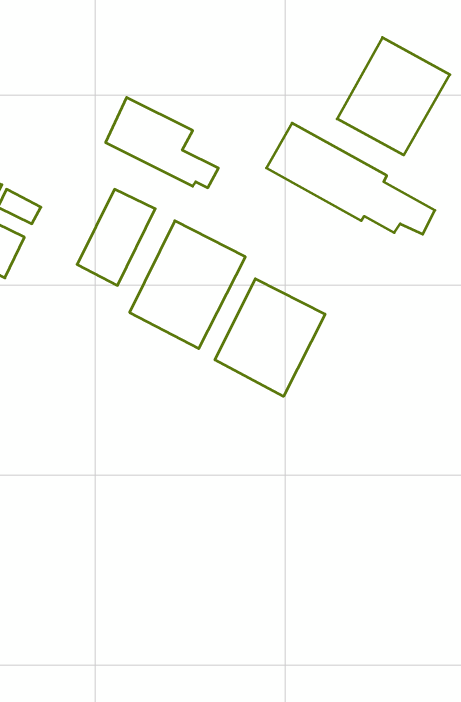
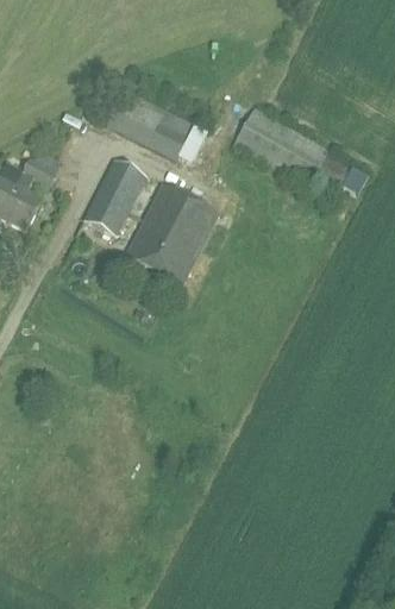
building: [337,37,450,155] -> none
building: [215,279,325,396] -> none

